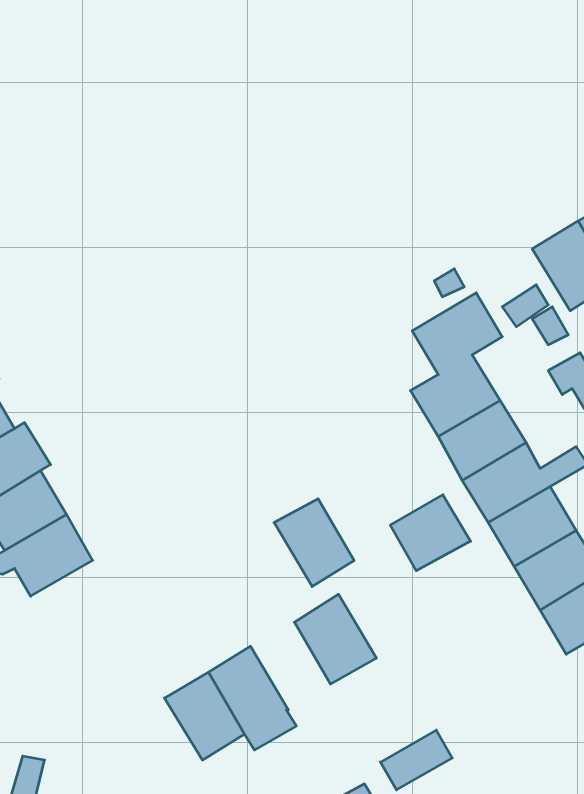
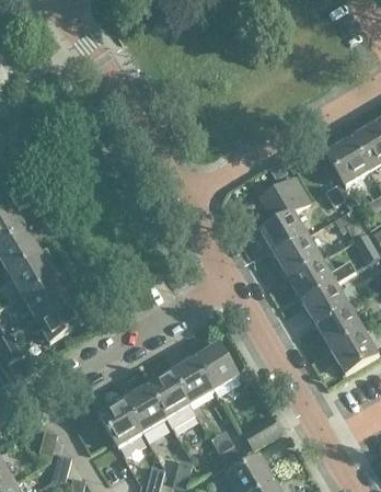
building: [390,495,471,571] -> none
building: [274,499,354,587] -> [170,356,213,404]
building: none -> [99,398,143,446]

